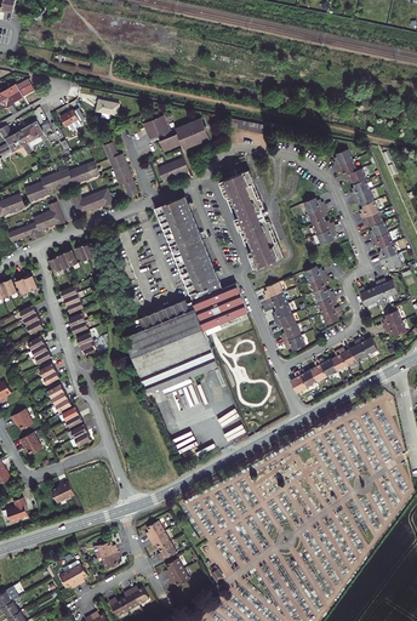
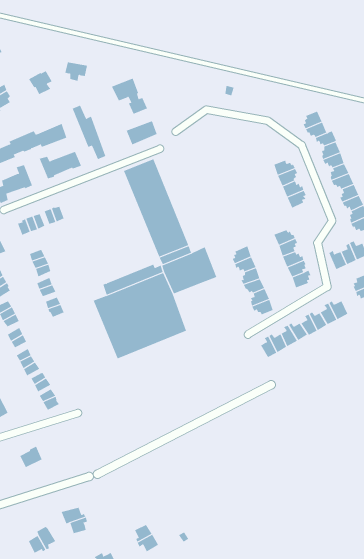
building: [173,118,208,149] -> none
building: [219,170,282,267] -> none
building: [145,520,175,560] -> none

